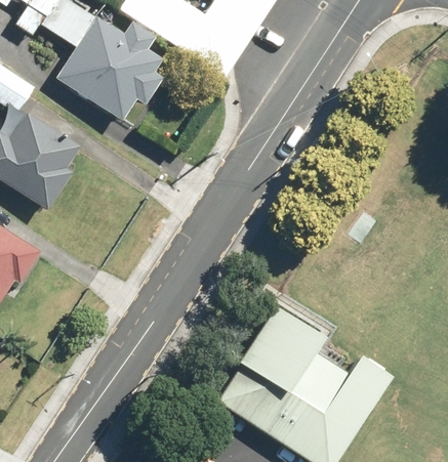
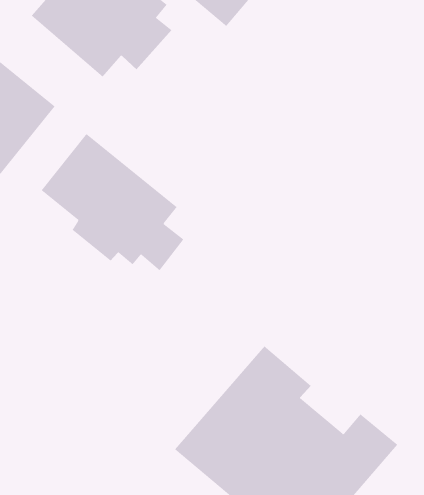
building: none -> [41,133,184,271]

